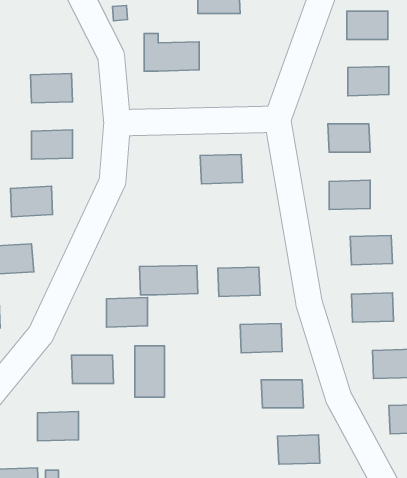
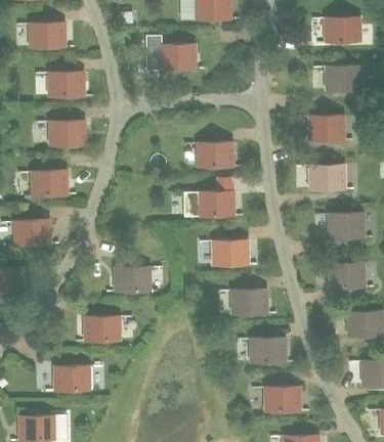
building: none -> [30,23,66,48]
building: [139,265,198,295] -> [183,191,234,217]
building: [135,346,164,397] -> none

